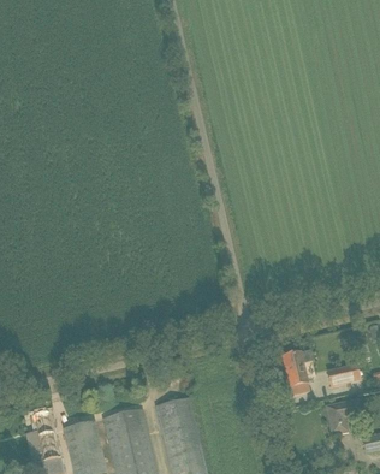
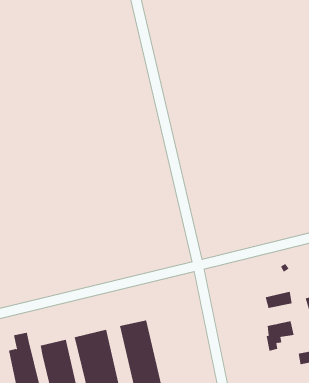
building: [281,350,311,395] -> none

